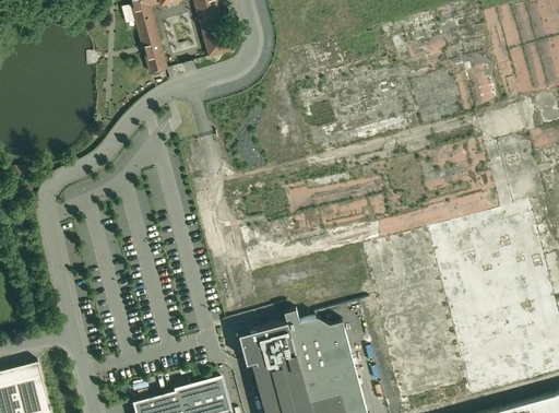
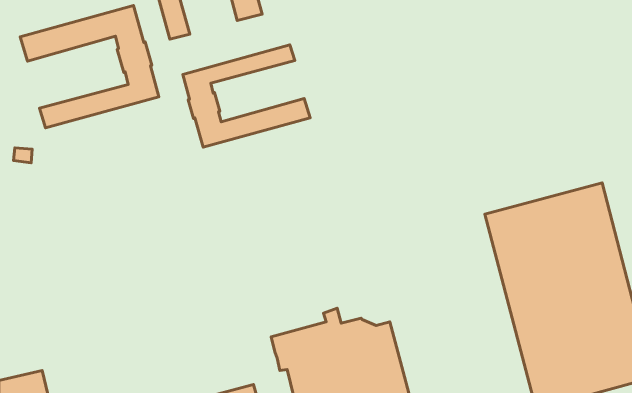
building: none -> [20,6,159,128]
building: none -> [183,45,310,147]

